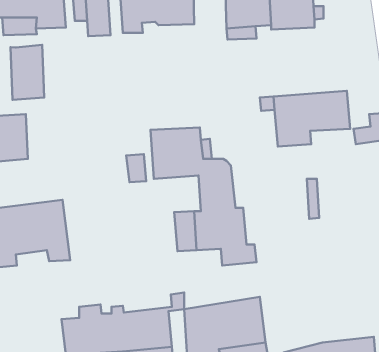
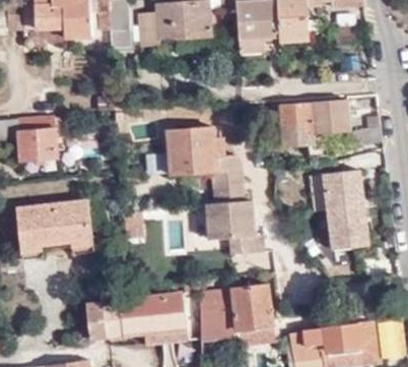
building: [11,45,44,100] -> none
building: none -> [323,171,371,252]

